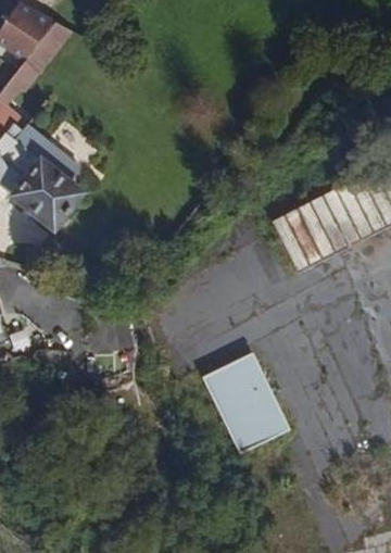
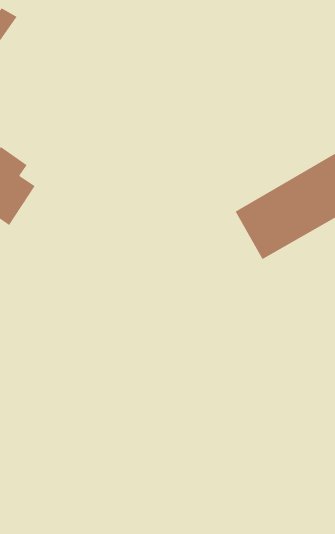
building: [204,352,289,449] -> none

